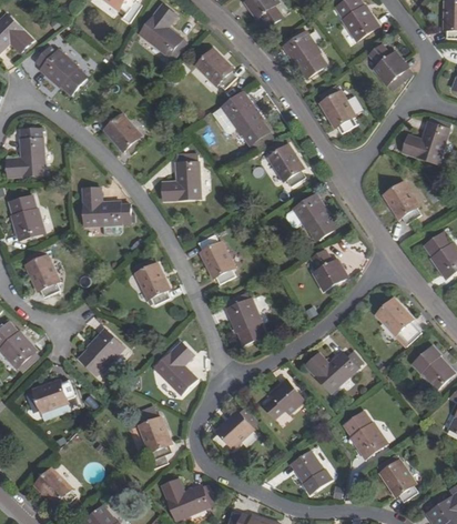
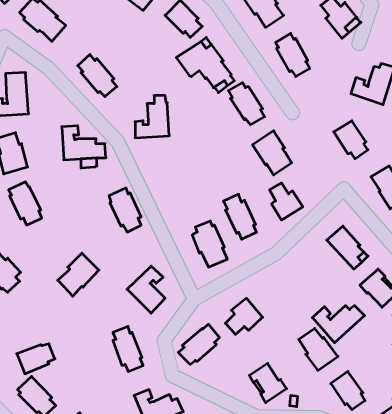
building: [199,234,235,284] -> [223,194,257,239]
building: [305,351,363,392] -> [312,306,365,343]
building: [32,379,74,412] -> [17,344,55,374]

